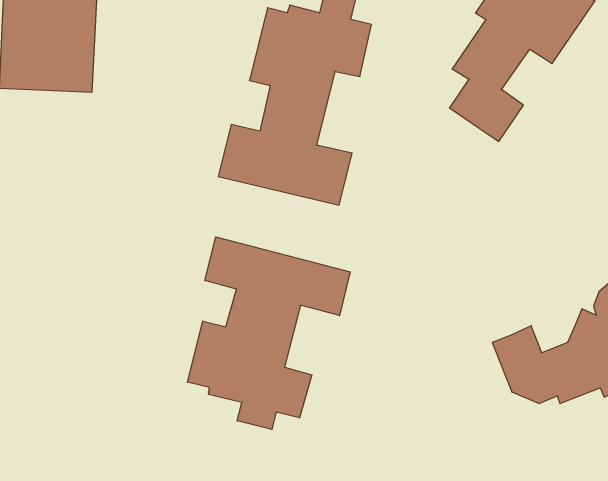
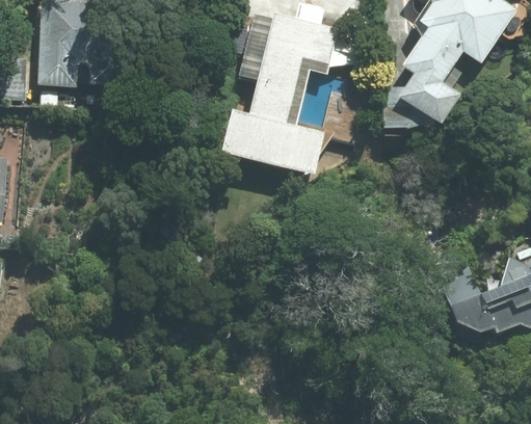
building: [187,237,350,430] -> none

